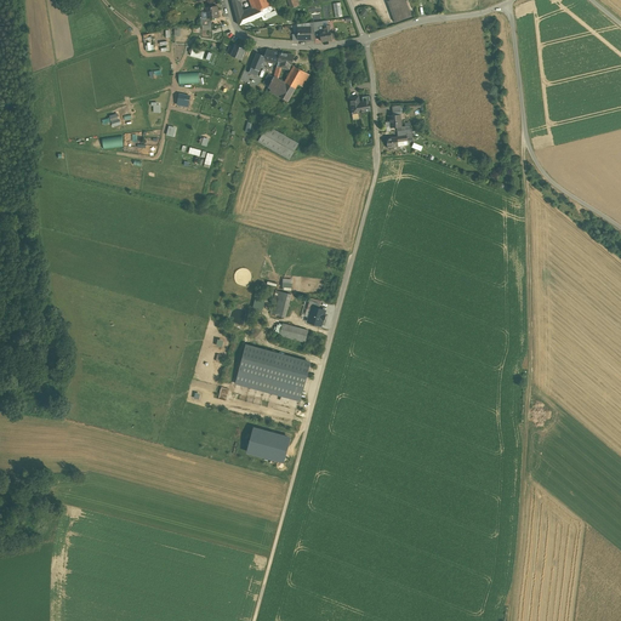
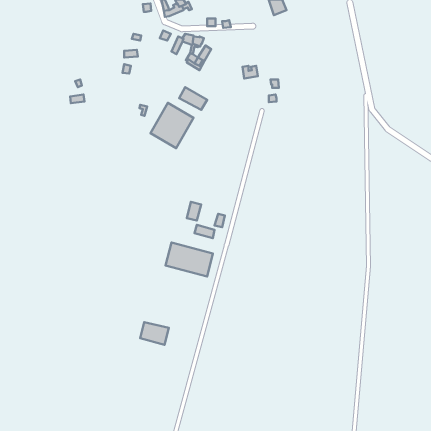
building: none -> [151,103,194,148]
building: [246,428,287,461] -> [140,322,169,345]

